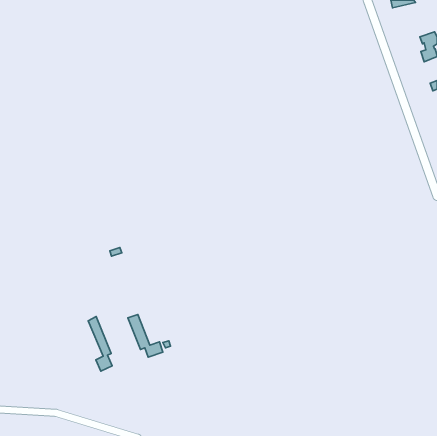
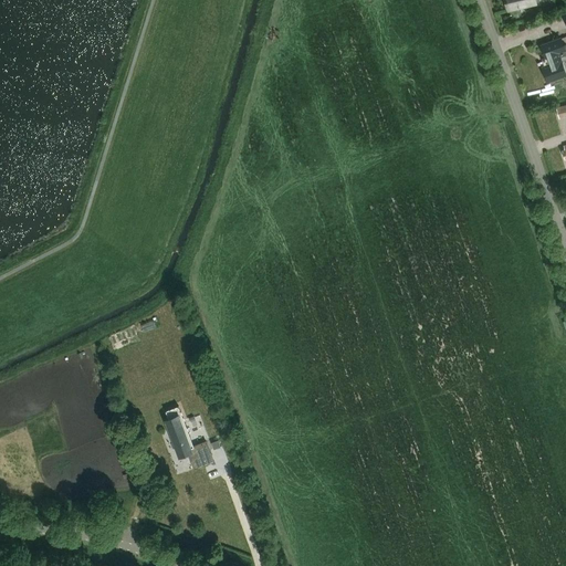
building: [88,317,112,371] -> none

